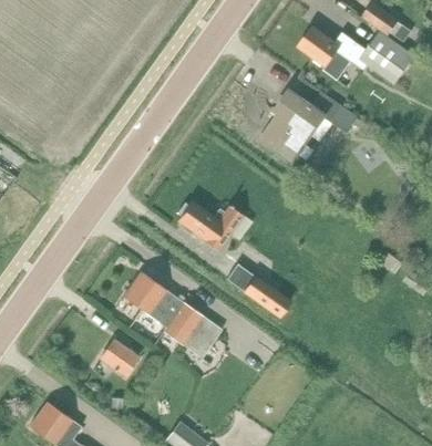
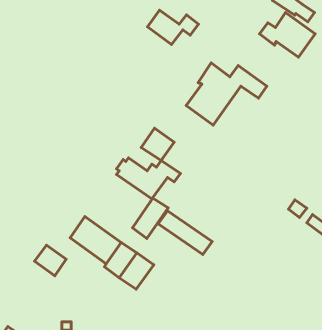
building: [297,24,358,65] -> [147,10,199,45]
building: none -> [141,128,174,161]
building: none -> [133,198,168,239]
building: [100,340,137,376] -> [34,245,66,276]

